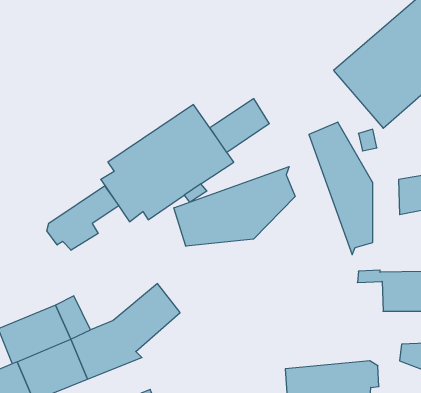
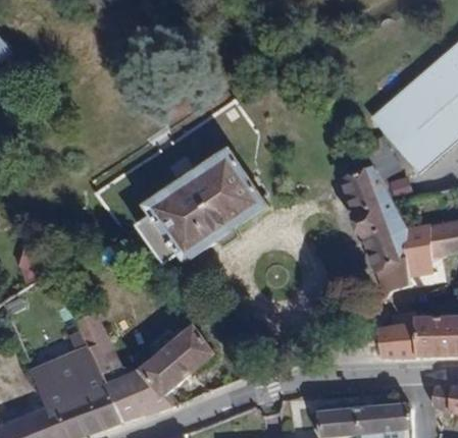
building: [210,99,269,152] -> none
building: [174,167,295,246] -> none
building: none -> [405,224,431,286]
building: [47,186,119,250] -> none
building: none -> [377,325,415,359]

